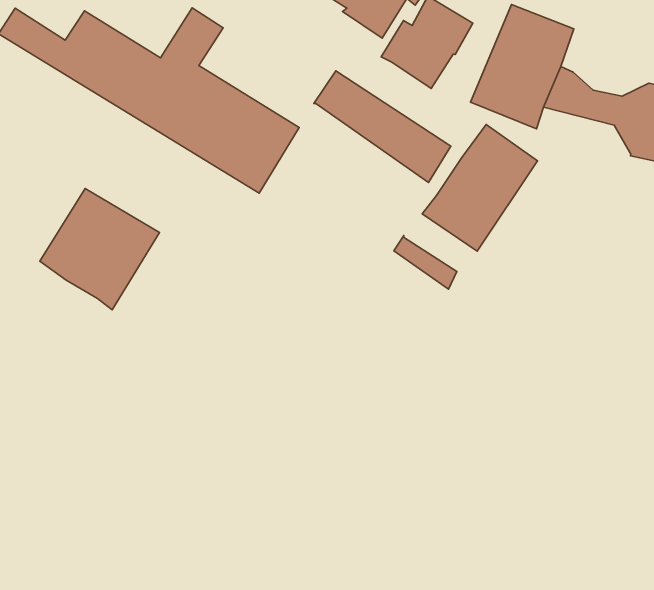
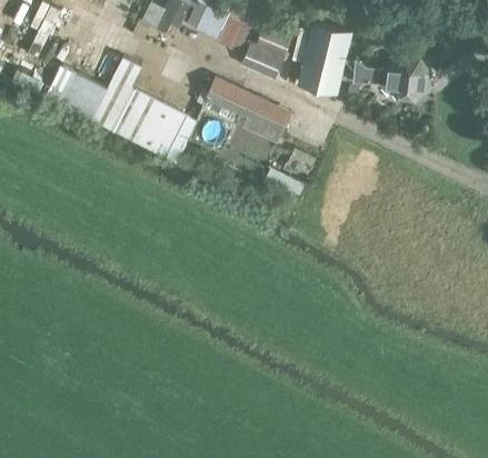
building: [422,125,538,251] -> none
building: [40,189,160,310] -> none

